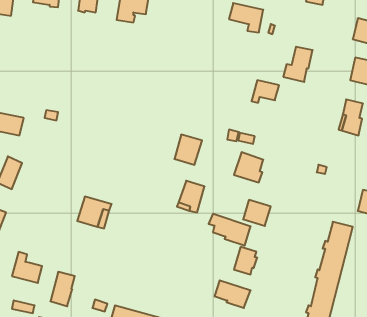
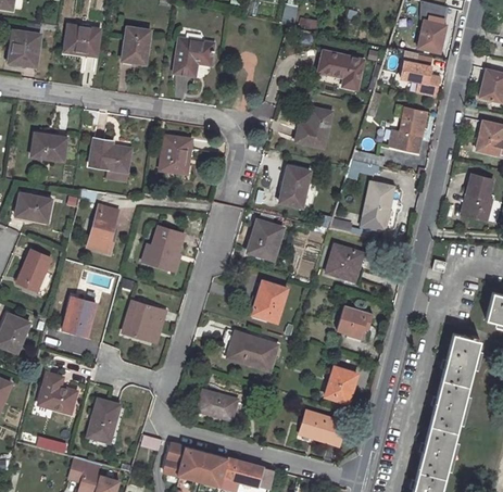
building: none -> [399,55,441,98]
building: none -> [294,106,331,148]
building: none -> [32,133,66,161]
building: none -> [159,135,192,173]
building: none -> [89,138,131,172]
building: none -> [278,165,311,207]
building: none -> [363,181,395,220]
building: none -> [86,205,117,253]
building: none -> [142,227,184,269]
building: none -> [63,297,96,336]
building: [209,214,251,246] -> [223,329,277,370]
building: none -> [198,390,237,419]

